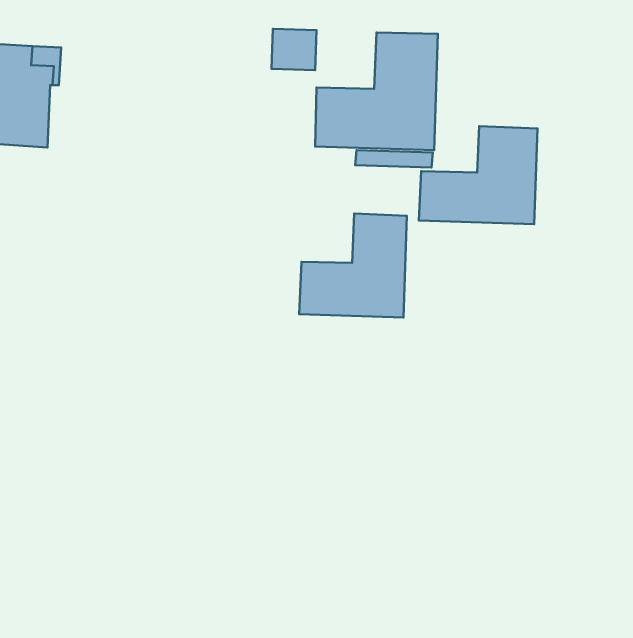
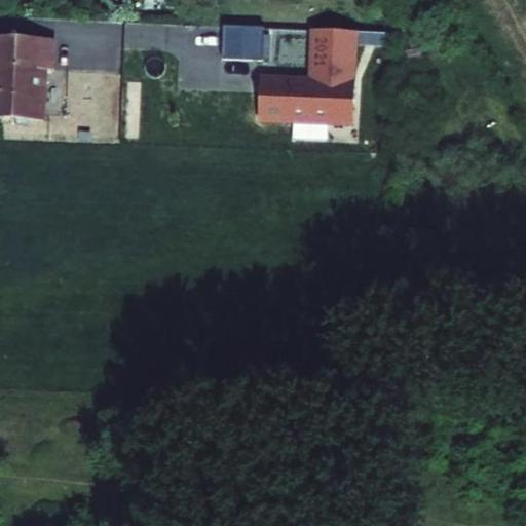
building: [419,126,537,224] -> none
building: [299,214,407,318] -> none

